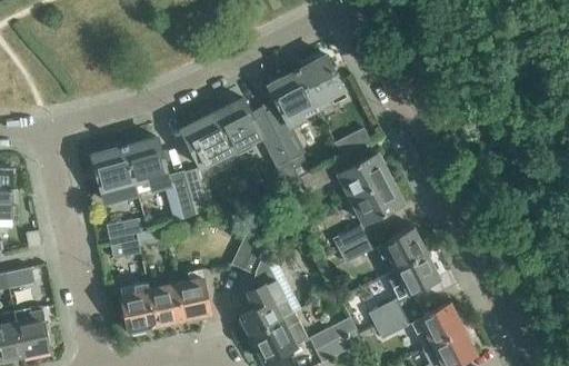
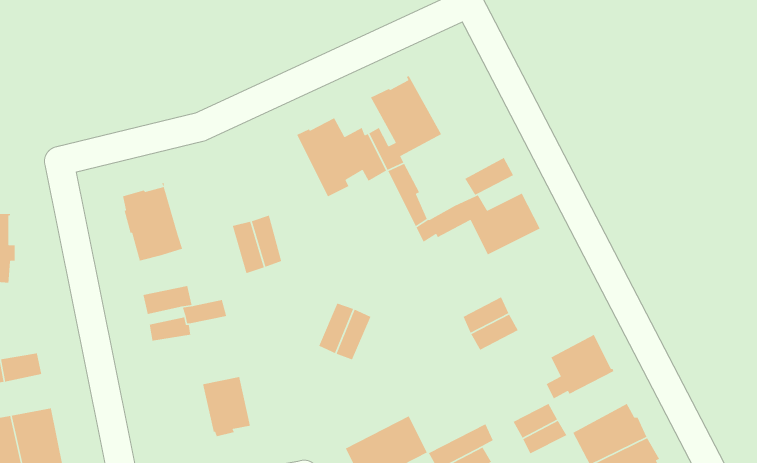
building: [295,57,346,112] -> none
building: [181,112,239,168] -> none
building: [121,138,168,194] -> none
building: [266,138,299,187] -> none
building: [350,179,401,225] -> none
building: [375,228,426,270] -> none
building: [174,270,209,320] -> none
building: [240,276,300,335] -> none
building: [119,284,156,335] -> none

